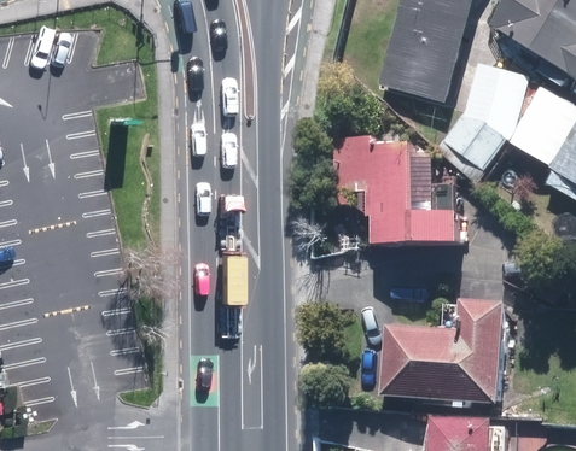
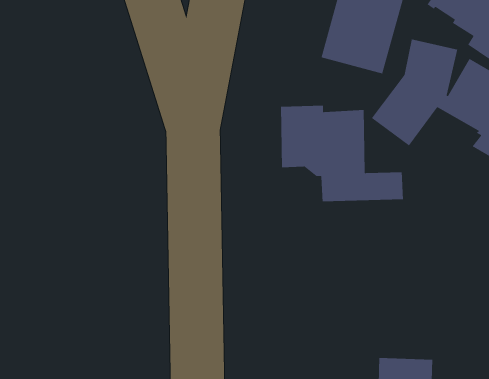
building: [380,299,510,406] -> none

